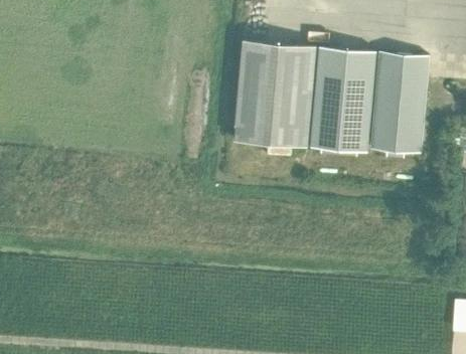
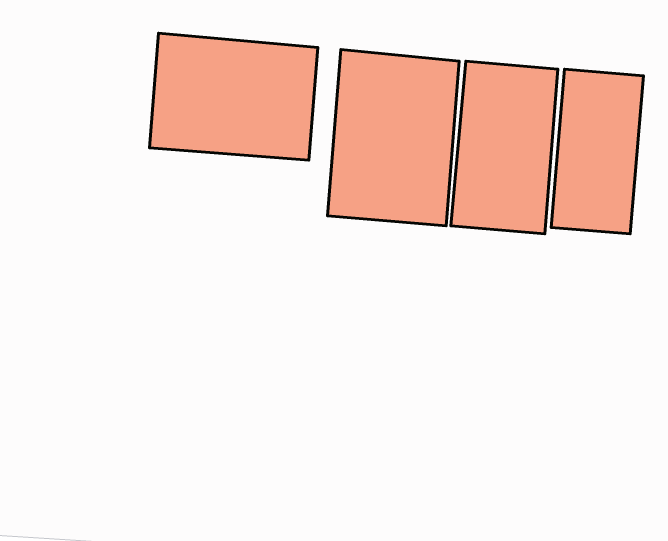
building: none -> [149,33,318,160]

